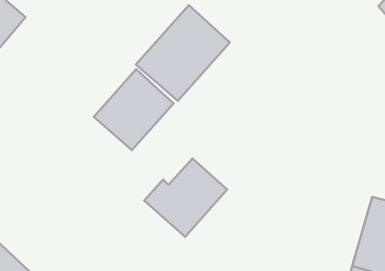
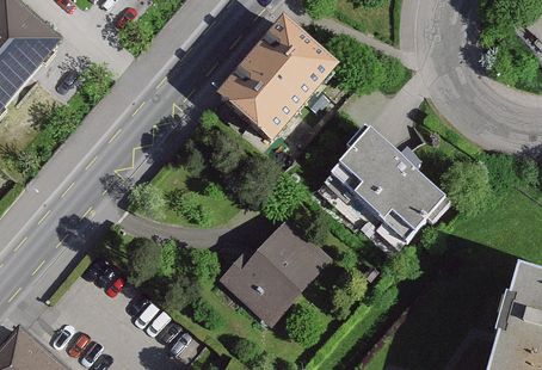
building: [94,69,174,150] -> none
building: none -> [319,131,443,251]

